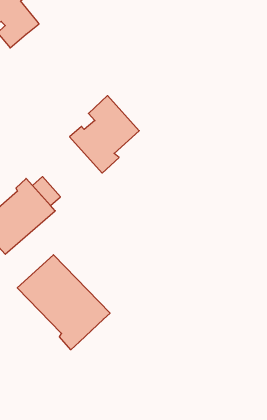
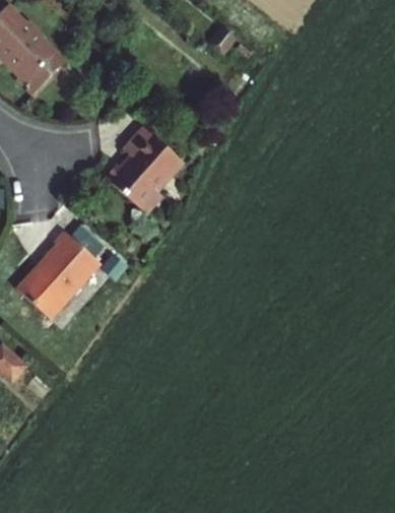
building: [17,255,110,350] -> none

